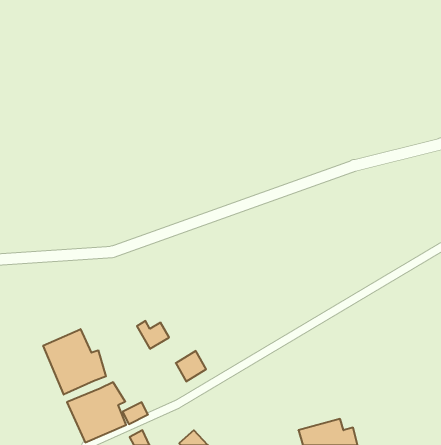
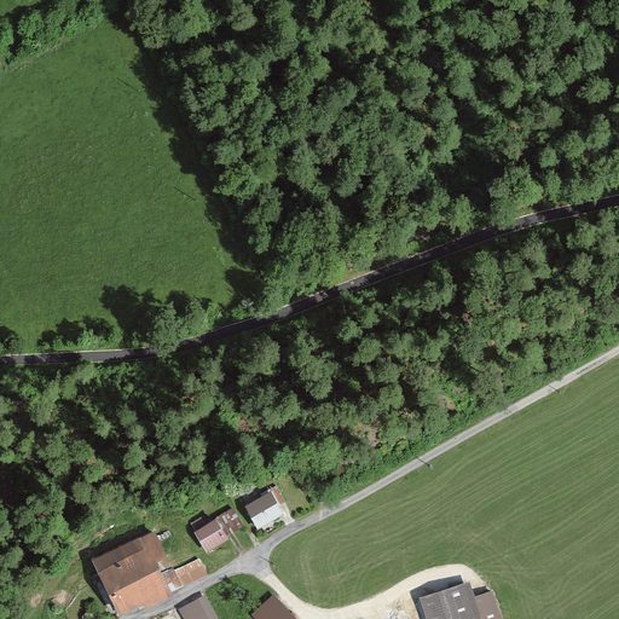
building: [137,321,169,349] -> [189,516,233,555]
building: [43,329,106,395] -> none

